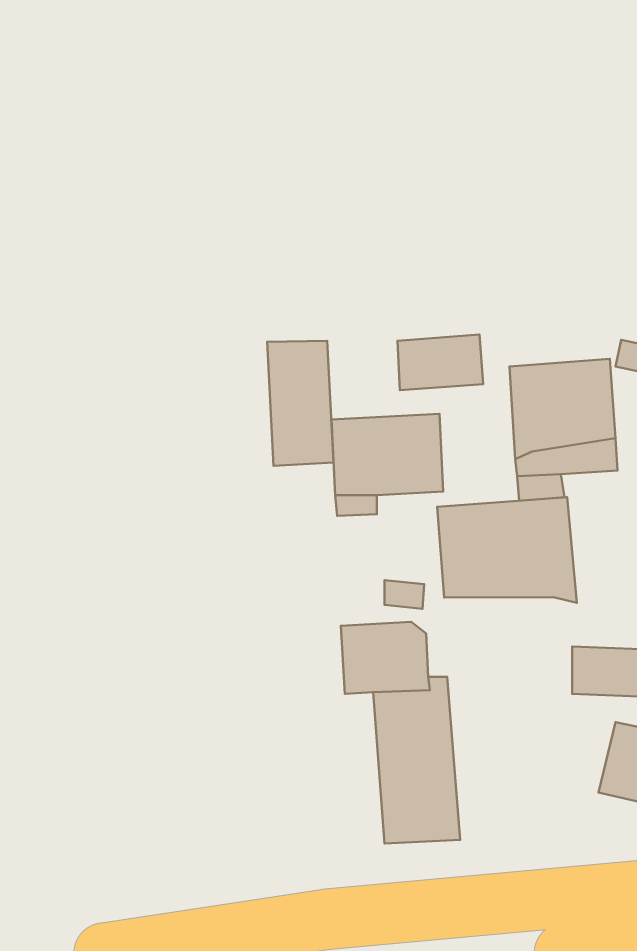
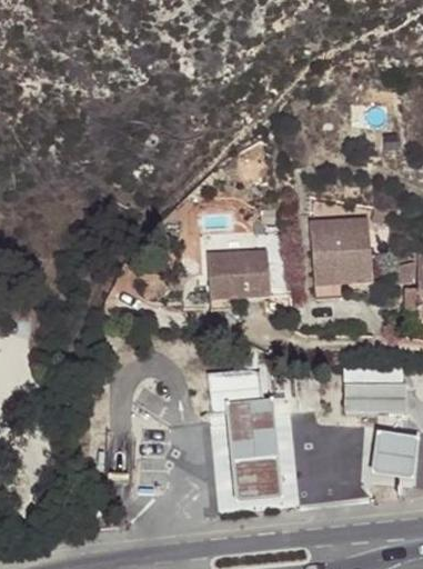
building: [397,335,483,390] -> none
building: [267,341,334,466] -> none
building: [437,497,577,603] -> none

